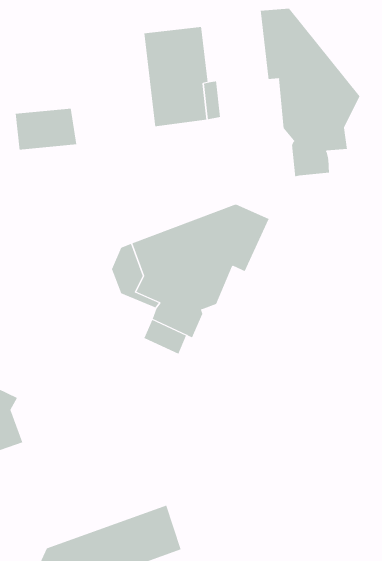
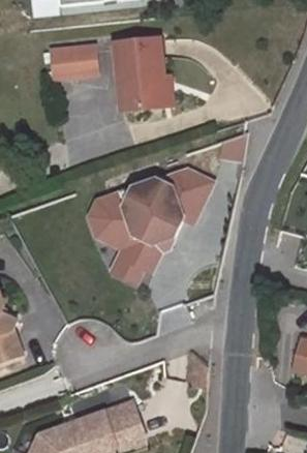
building: [260,8,360,177] -> none
building: [15,108,77,150] -> [50,44,97,77]

